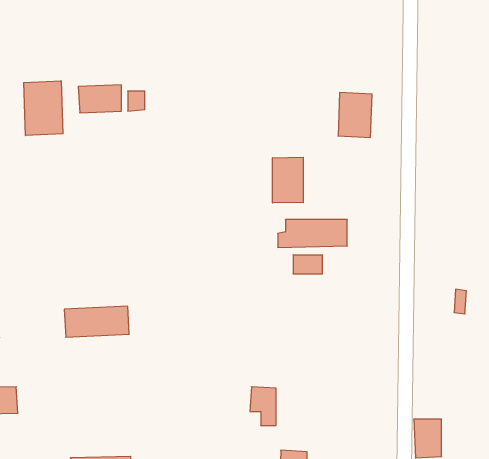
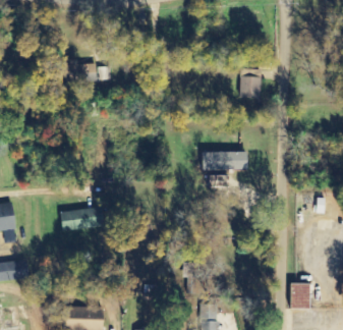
building: [24,81,63,136] -> none
building: [273,157,303,203] -> none

